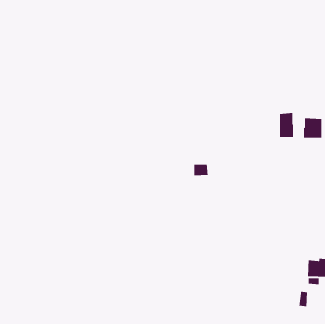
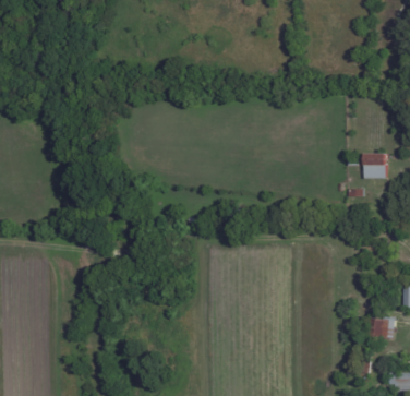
building: [279,112,294,138] -> none

